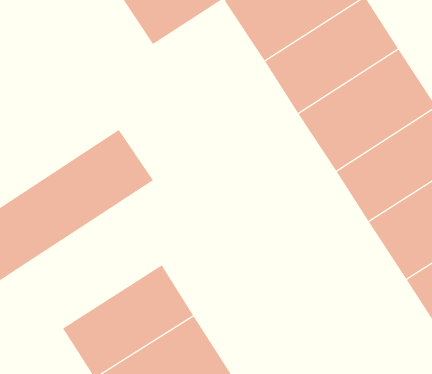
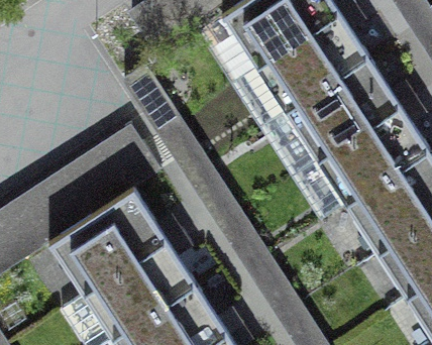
building: none -> [46,187,165,293]

